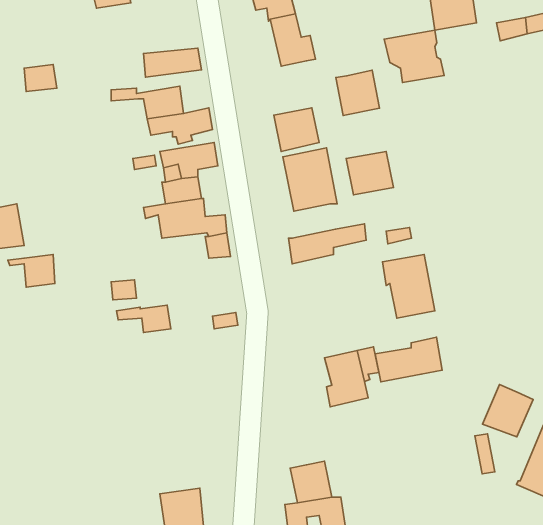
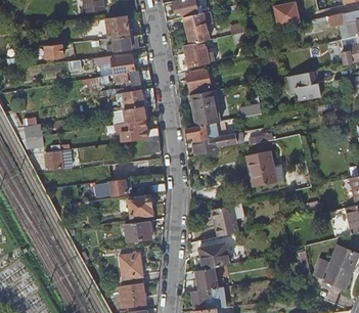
building: none -> [105,15,129,37]
building: [384,30,444,83] -> [286,71,320,100]
building: [336,70,379,116] -> [183,41,208,66]
building: none -> [186,122,220,141]
building: none -> [128,195,154,216]
building: [375,337,442,382] -> none
building: none -> [125,220,151,241]
building: [483,385,533,437] -> none
building: none -> [199,243,230,269]
building: none -> [119,252,143,278]

